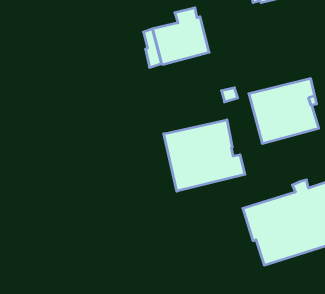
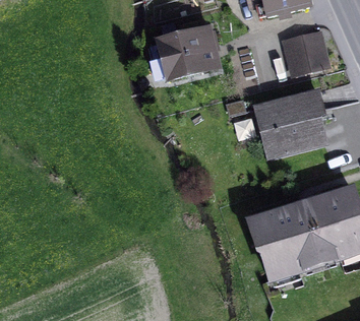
building: none -> [288,34,326,69]
building: [164,120,245,191] -> none

